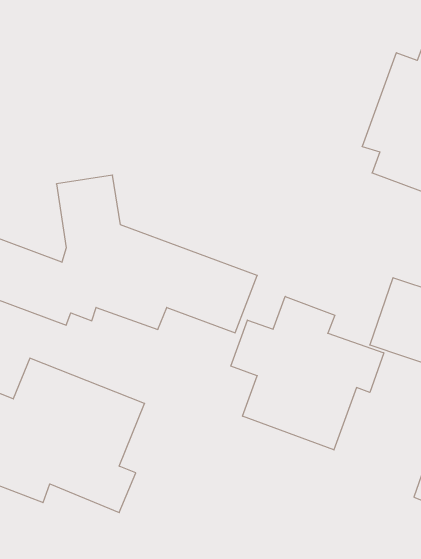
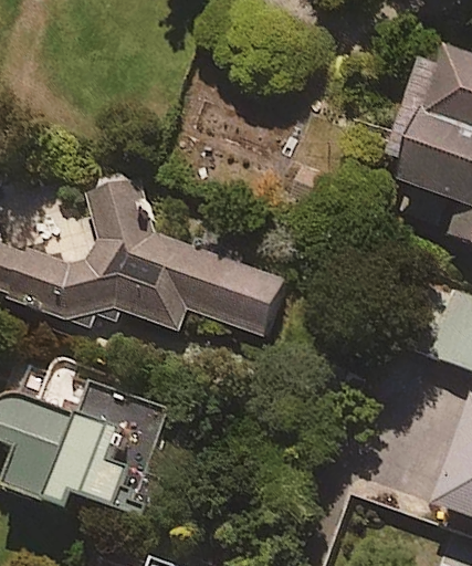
building: [231,296,384,450] -> none

